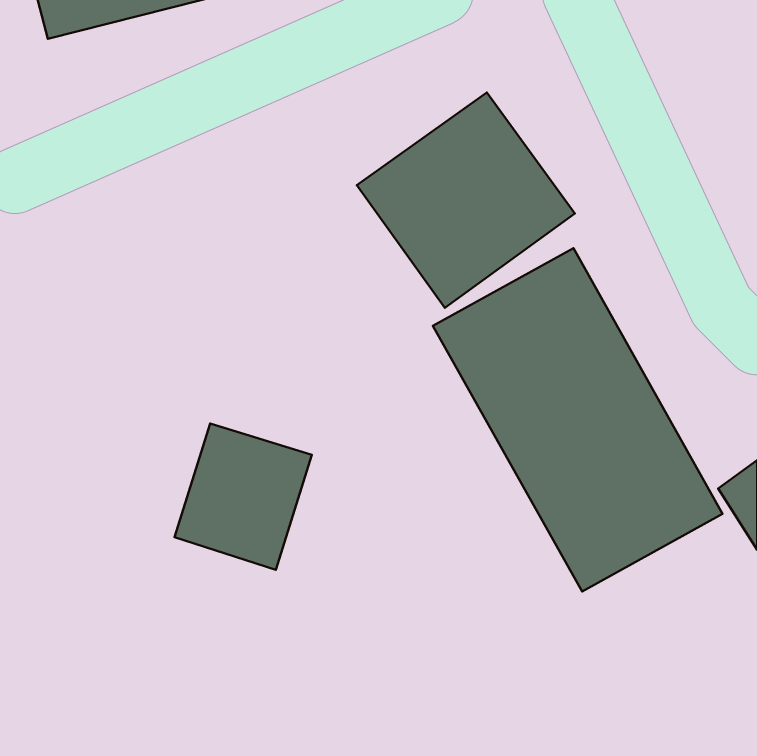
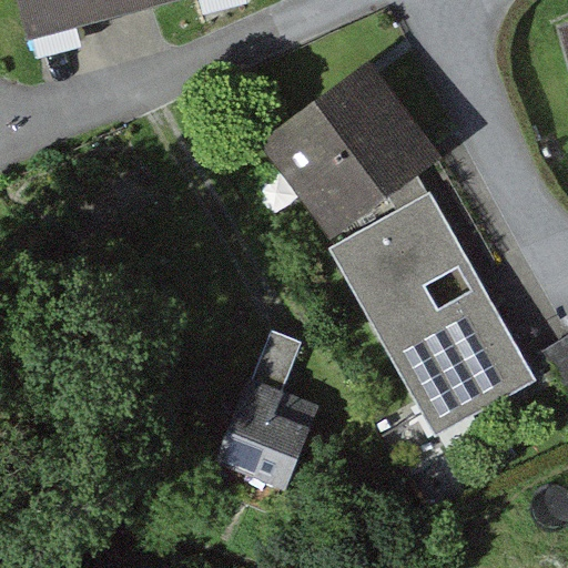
building: [174,423,312,570] -> [222,377,324,486]

